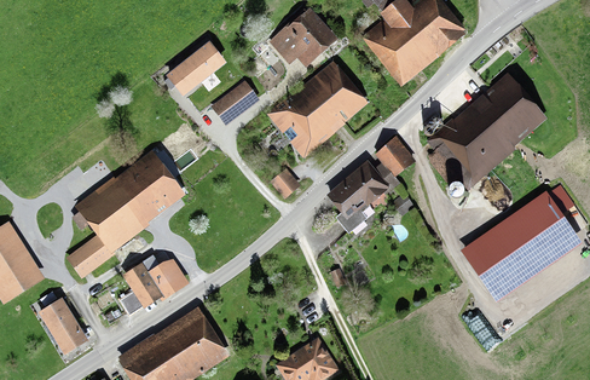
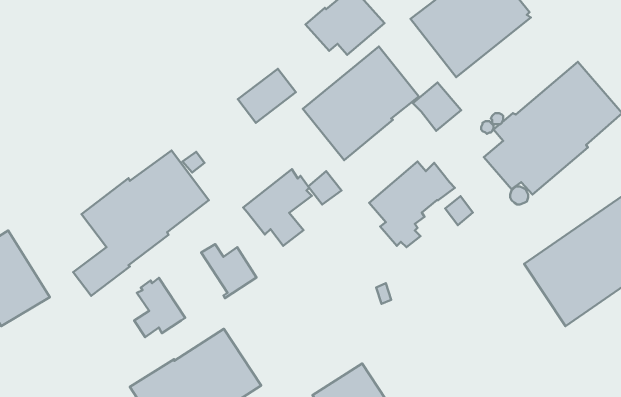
building: [164,41,226,97] -> none
building: [374,136,416,178] -> [413,82,461,131]
building: none -> [243,169,312,246]
building: [140,254,189,301] -> [201,244,257,298]
building: [29,290,88,356] -> none

